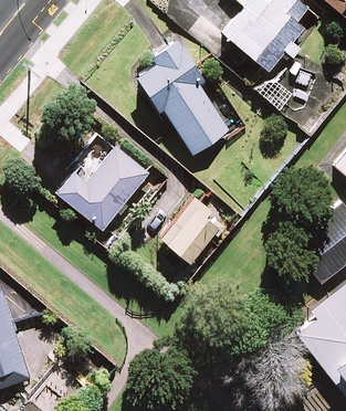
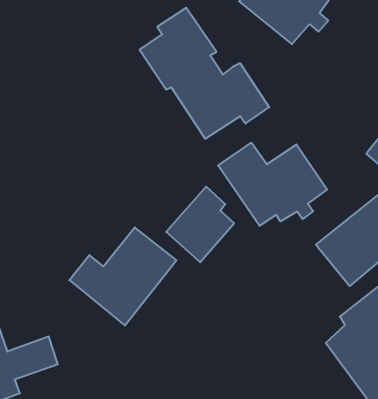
building: [54,144,148,230] -> [69,227,176,326]
building: none -> [218,143,327,226]

